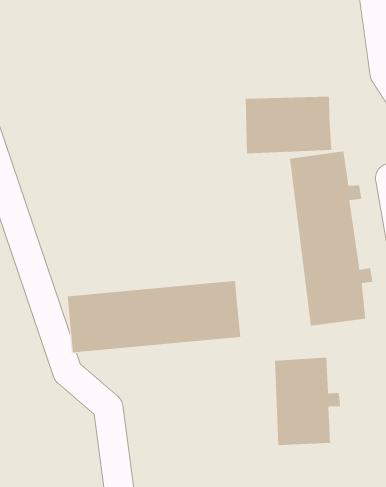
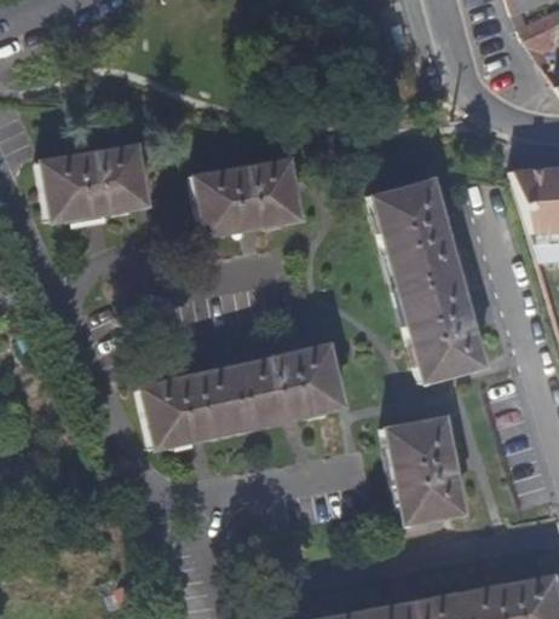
building: none -> [41,145,149,224]
building: [245,96,332,154] -> [195,160,302,238]

